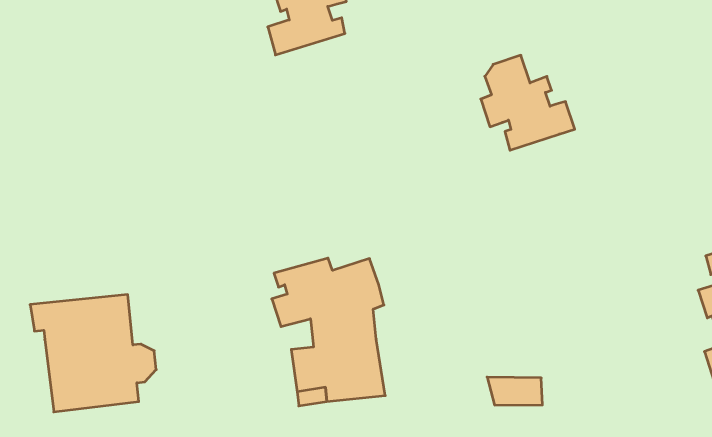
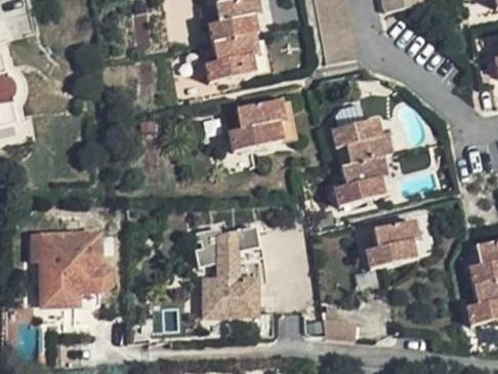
building: none -> [229,103,284,156]
building: none -> [337,156,389,206]
building: none -> [363,224,414,273]

